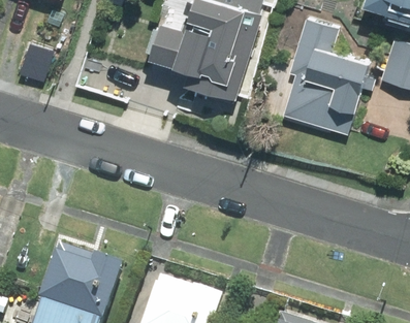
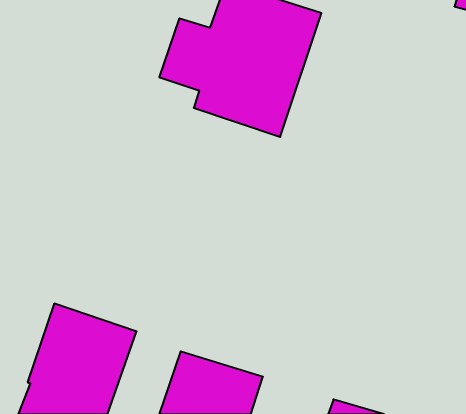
building: [288,22,366,129] -> none

